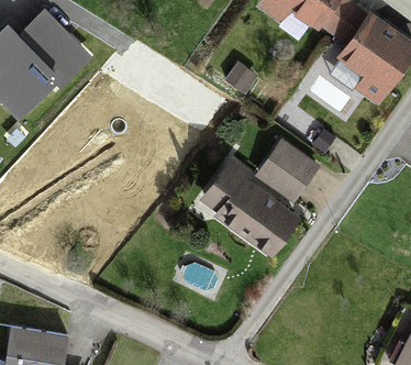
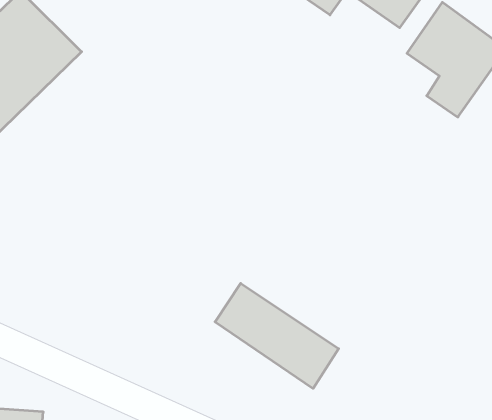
building: [260,144,315,199] -> none
building: [207,173,302,254] -> [215,283,339,388]

